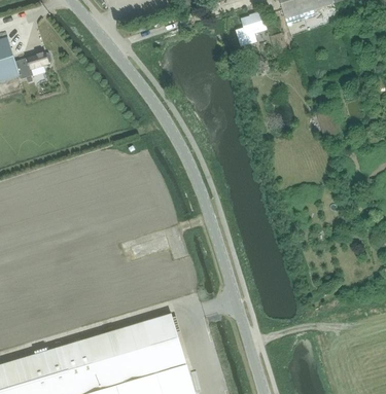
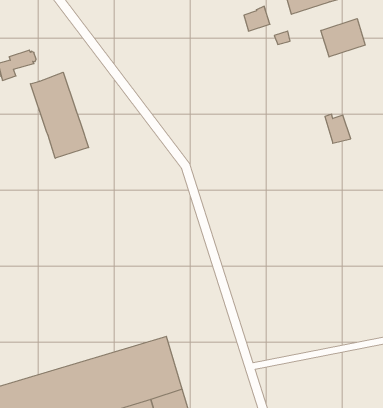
building: none -> [321,19,365,57]
building: none -> [30,72,89,158]

